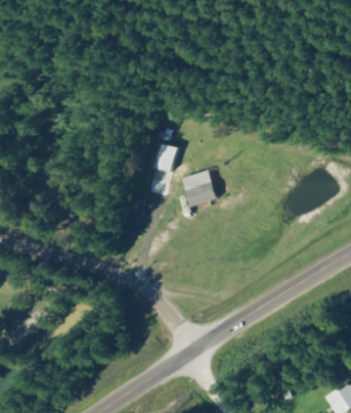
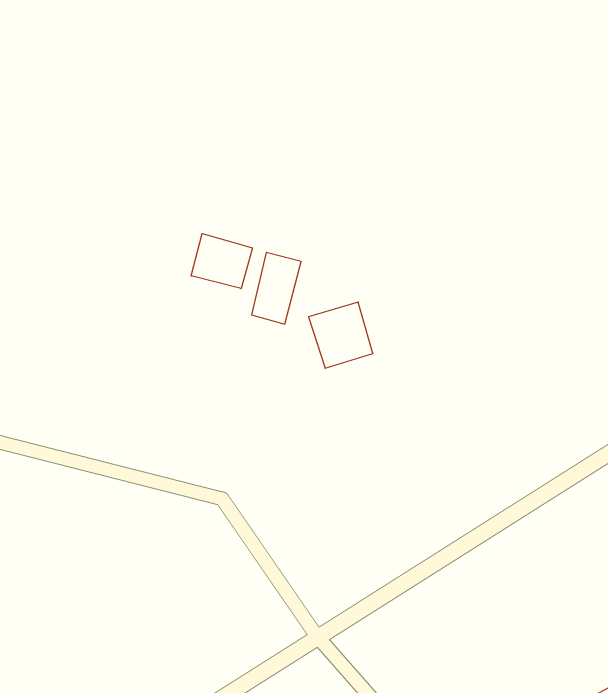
building: none -> [191,234,252,289]

